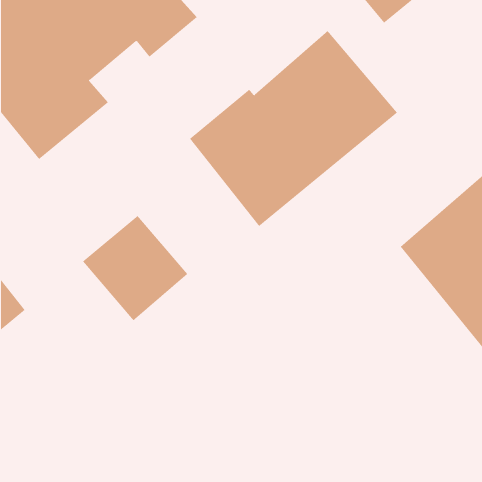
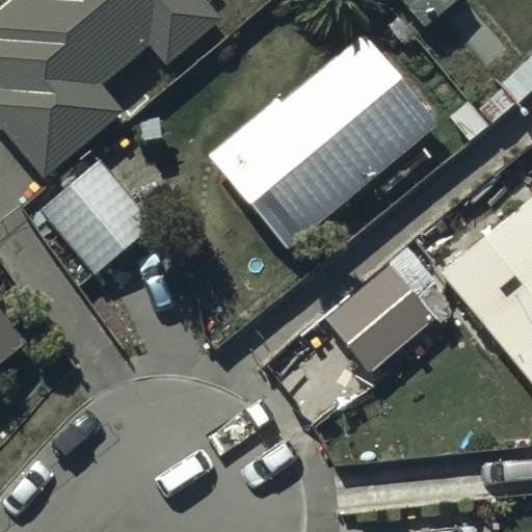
building: [82,215,188,321] -> [37,159,154,275]
building: none -> [323,263,435,373]

